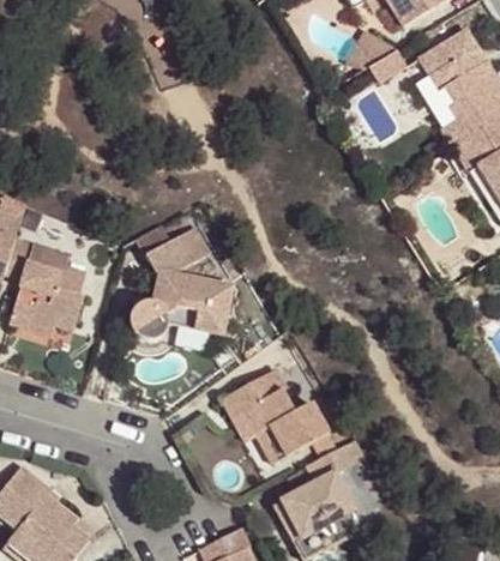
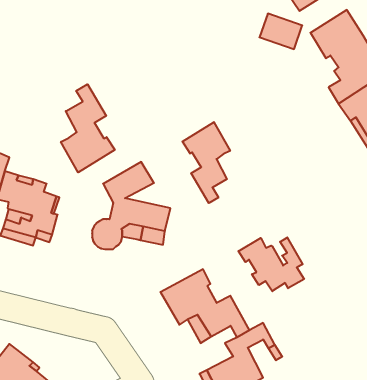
building: none -> [61,84,115,172]
building: none -> [182,122,230,203]
building: none -> [238,237,304,291]

